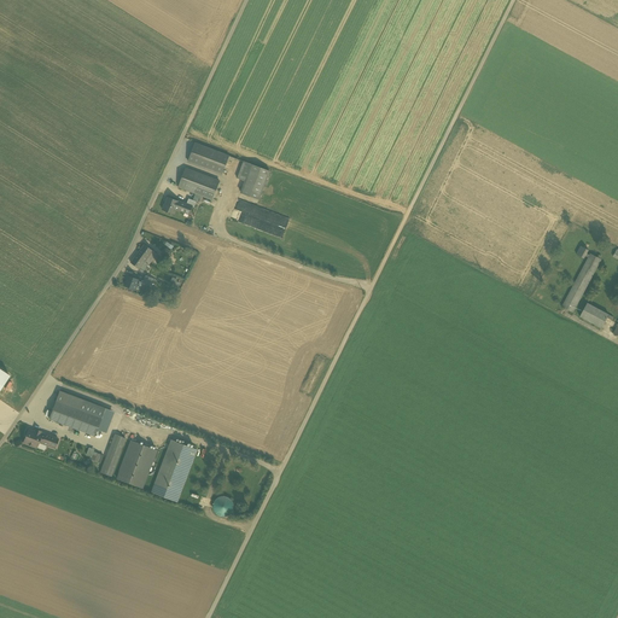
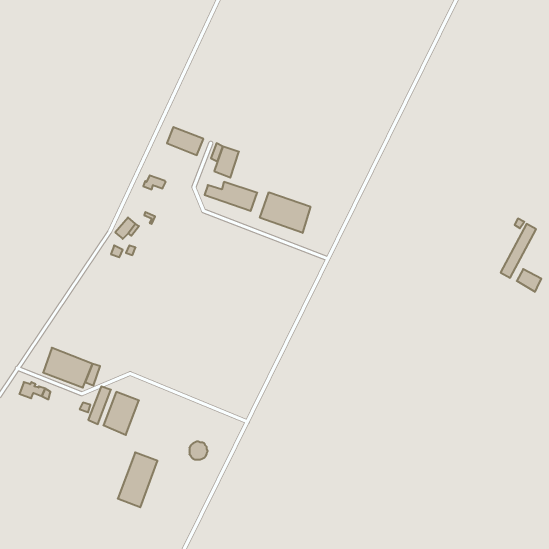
building: [177,168,218,199] -> none
building: none -> [260,192,310,233]
building: [151,439,196,501] -> [118,452,158,507]

